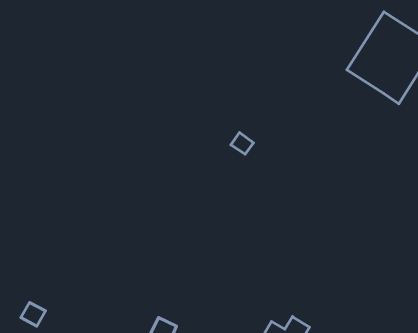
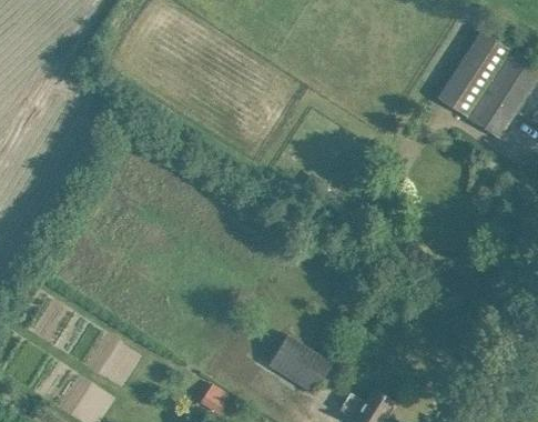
building: none -> [267,334,332,392]

